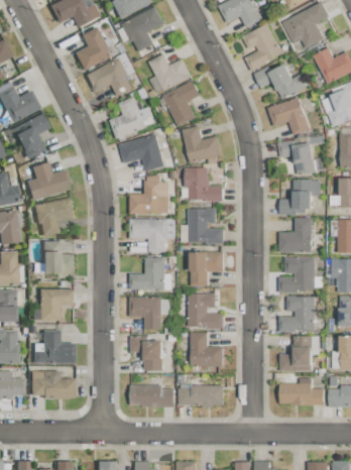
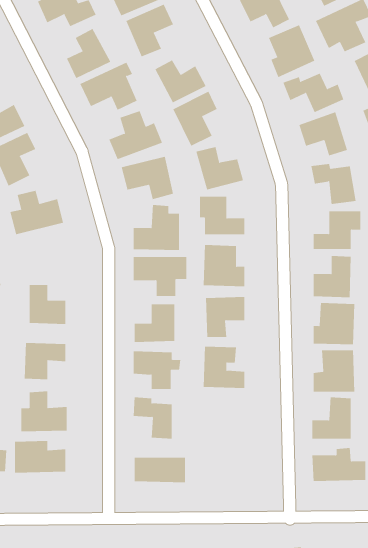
building: [35,199,75,237] -> none
building: [191,332,224,366] -> none
building: [180,384,225,406] -> none

